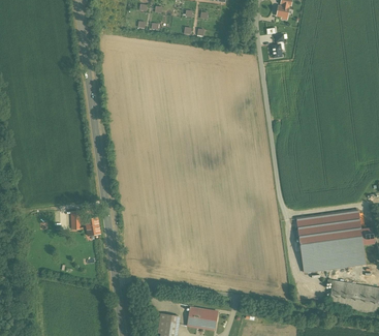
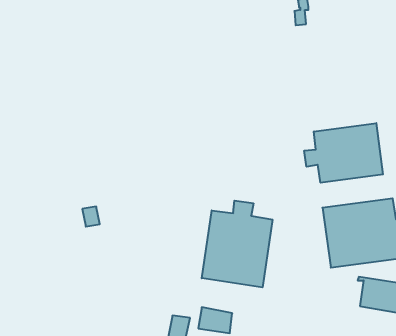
building: none -> [304,123,383,183]
building: none -> [202,201,272,287]

